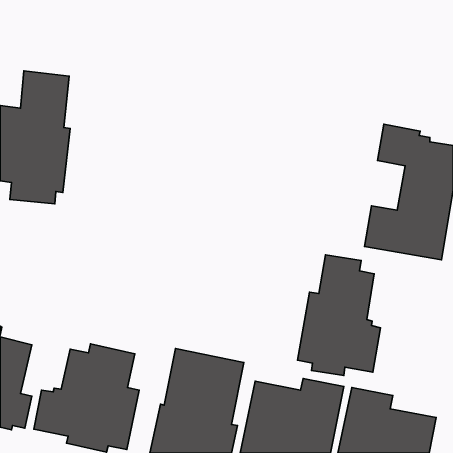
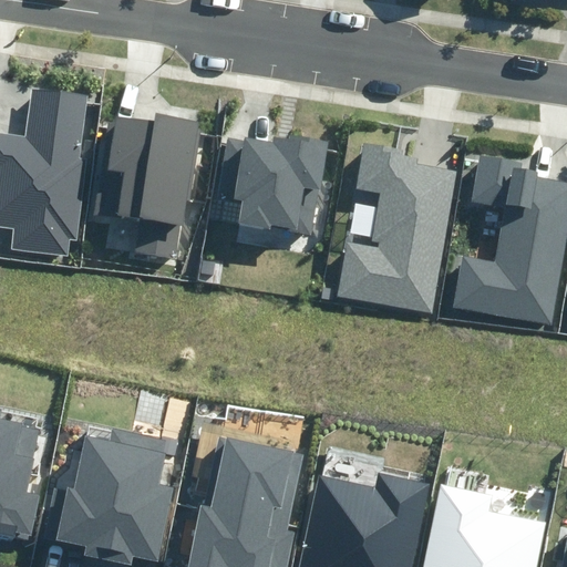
building: none -> [92,113,199,258]
building: none -> [216,135,328,236]
building: none -> [338,143,460,312]
building: [298,255,381,376] -> none

